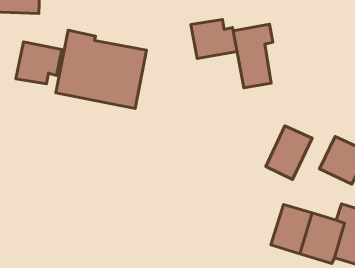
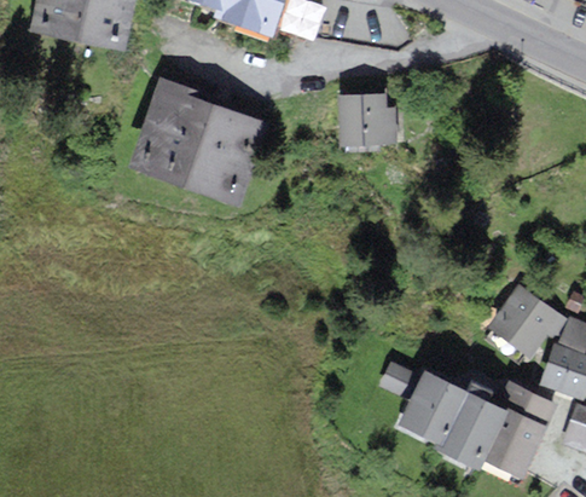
building: [233,24,273,88] -> none
building: [16,42,62,84] -> none
building: [266,126,312,179] -> none

